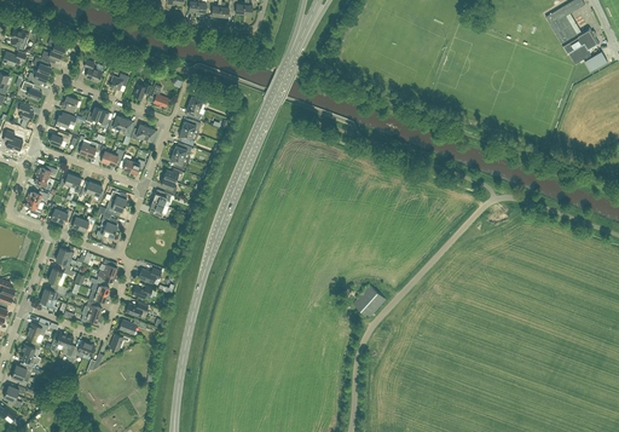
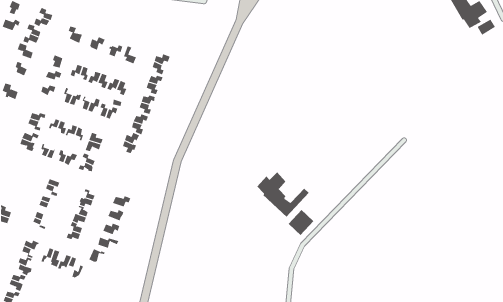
building: none -> [257,172,310,217]

